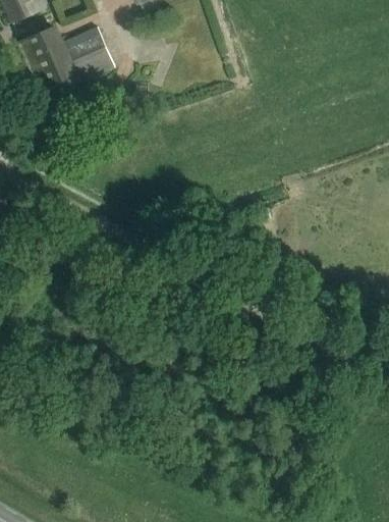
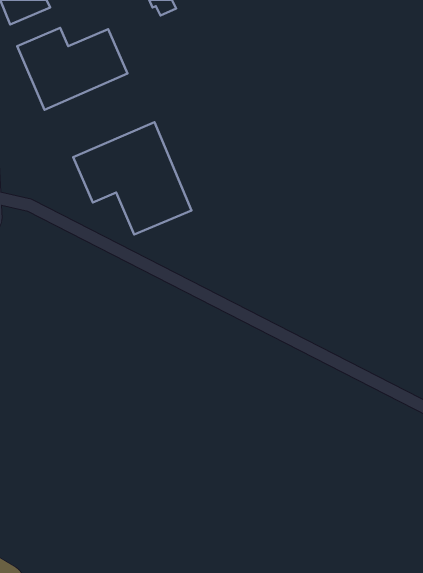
building: none -> [73,122,191,234]

